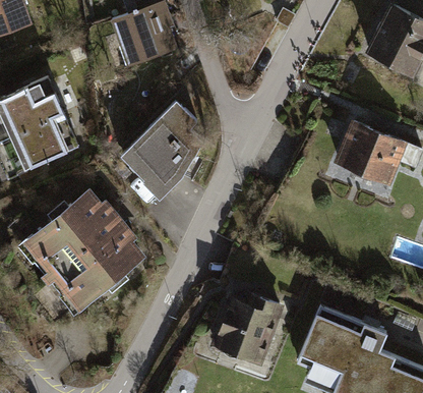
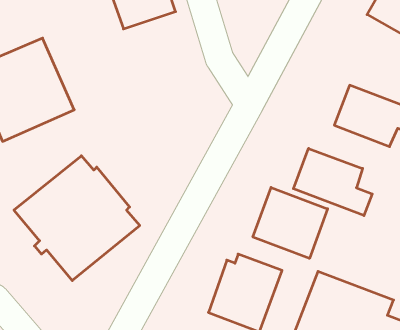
building: [120,102,204,199] -> none
building: none -> [293,148,372,216]
building: none -> [253,187,328,258]

